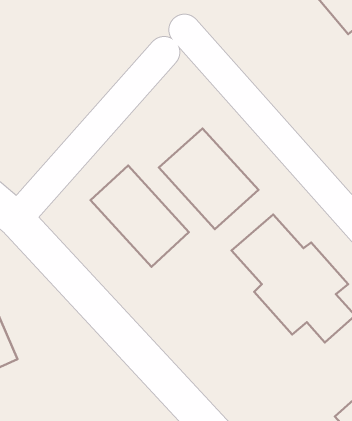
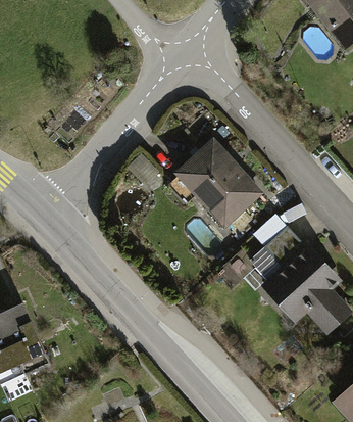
building: [91,166,189,267] -> none

